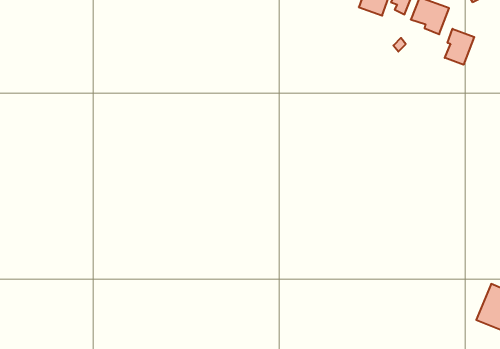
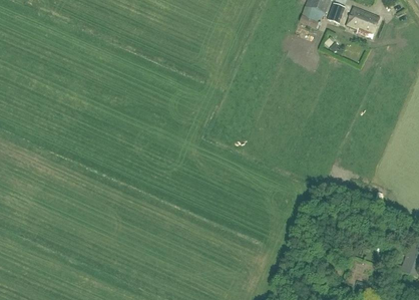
building: [445,29,474,65] -> none

